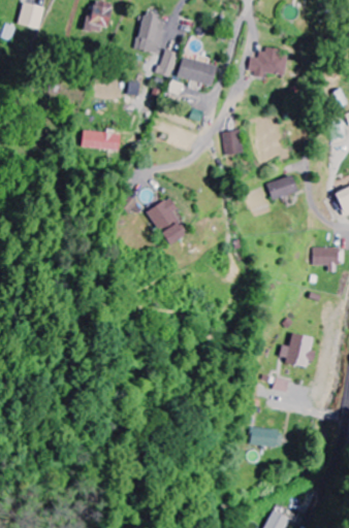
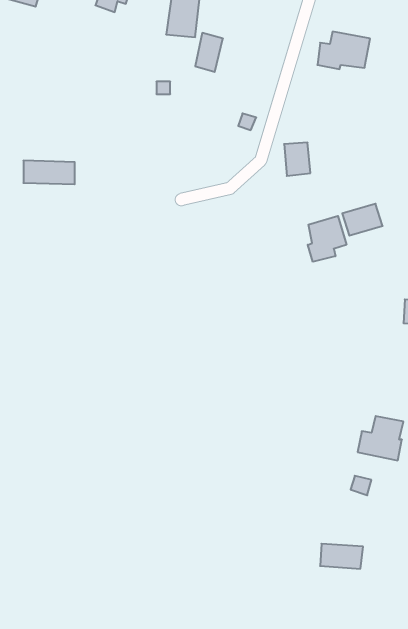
building: [178,57,217,85] -> none
building: [82,131,120,148] -> [23,161,75,184]
building: none -> [308,216,346,262]
building: [148,199,189,245] -> none

